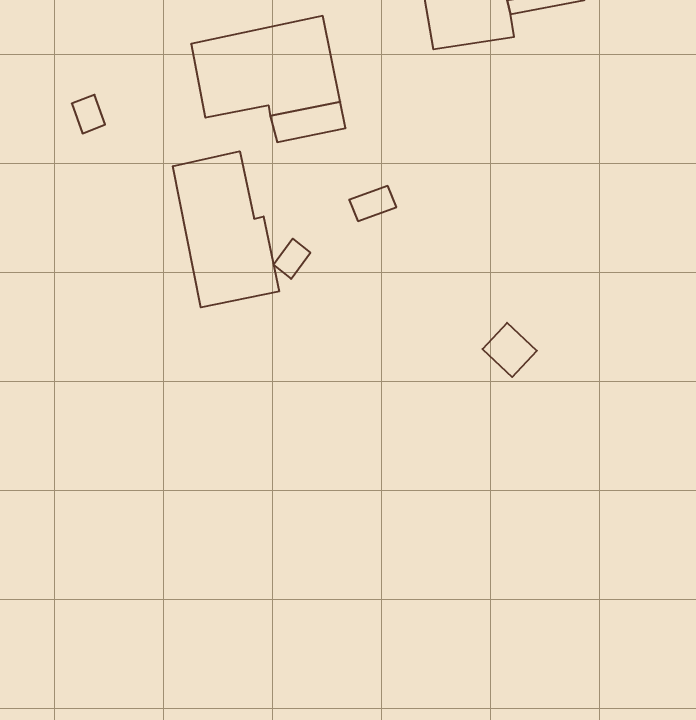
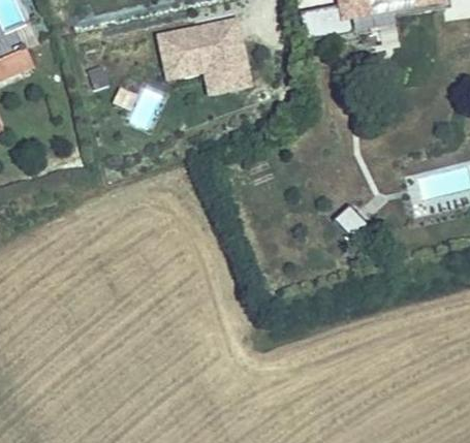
building: [173,151,279,307] -> none

